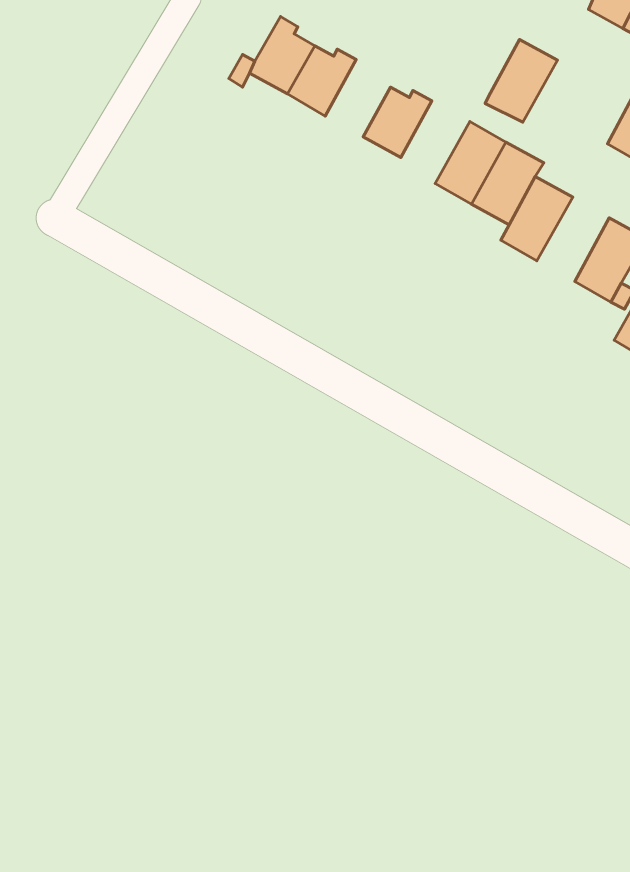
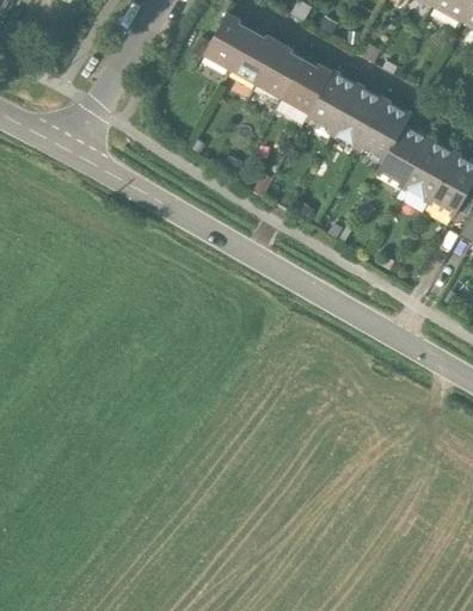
building: [485,40,557,122] -> [309,73,360,130]
building: none -> [259,44,305,98]
building: none -> [406,140,456,198]

